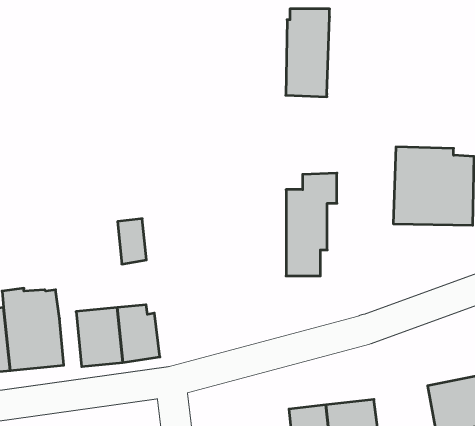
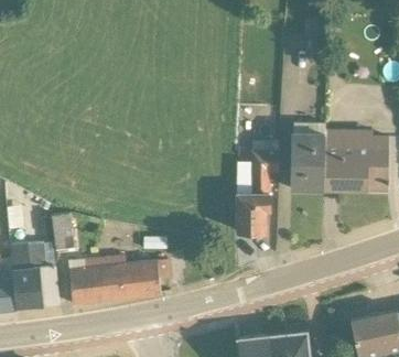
building: [286,9,330,97] -> [290,122,325,193]
building: [118,219,146,264] -> [51,215,74,251]
building: none -> [131,260,171,298]

